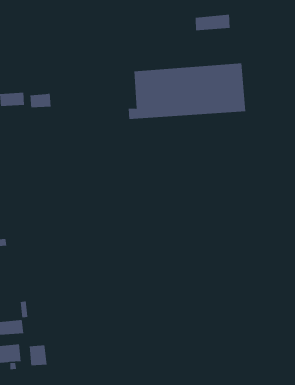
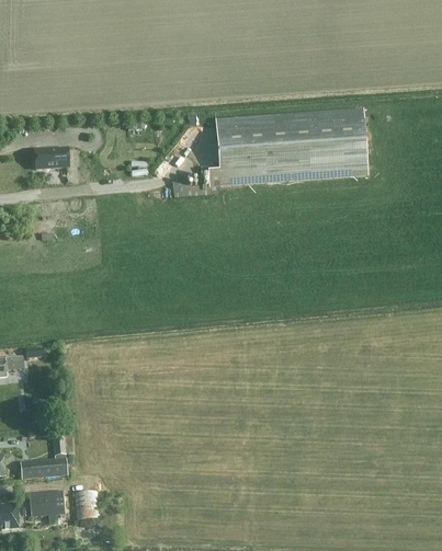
building: [195,14,230,31] -> none
building: [30,93,51,108] -> none

